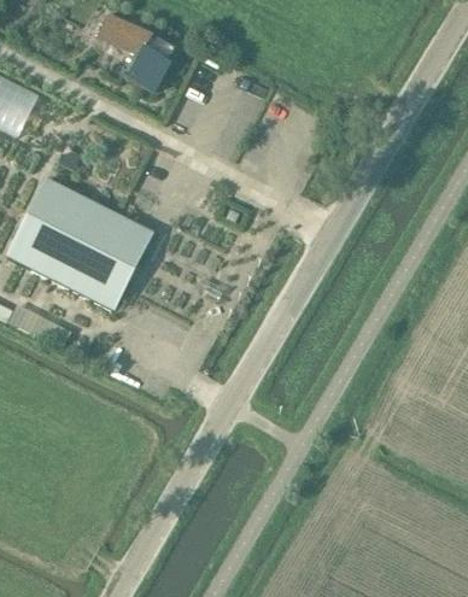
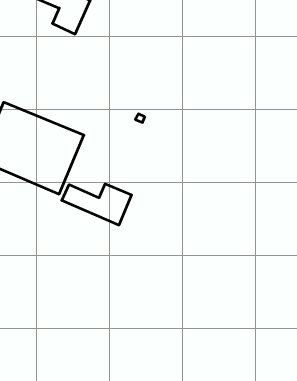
building: none -> [62,184,132,225]

